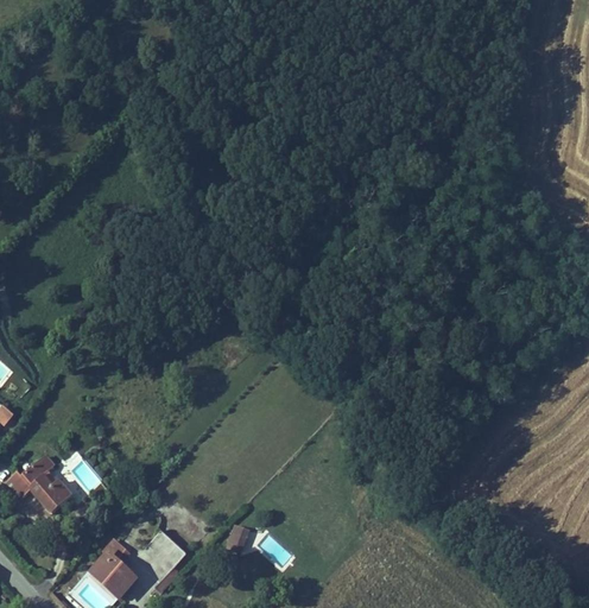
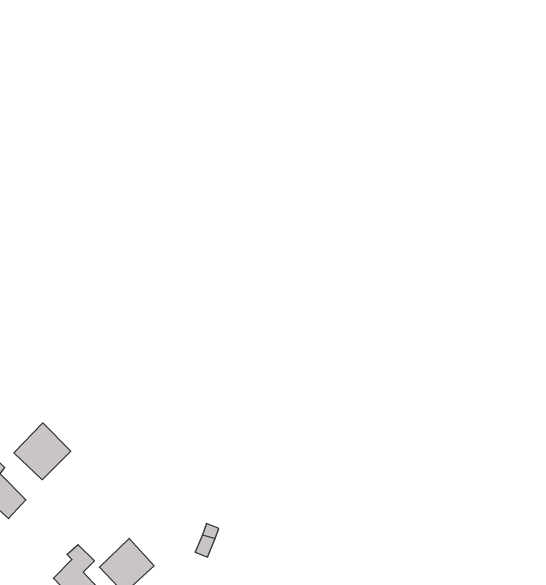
building: none -> [14,423,71,480]

